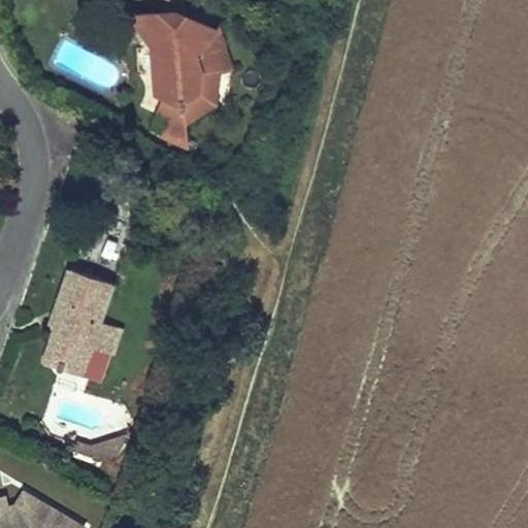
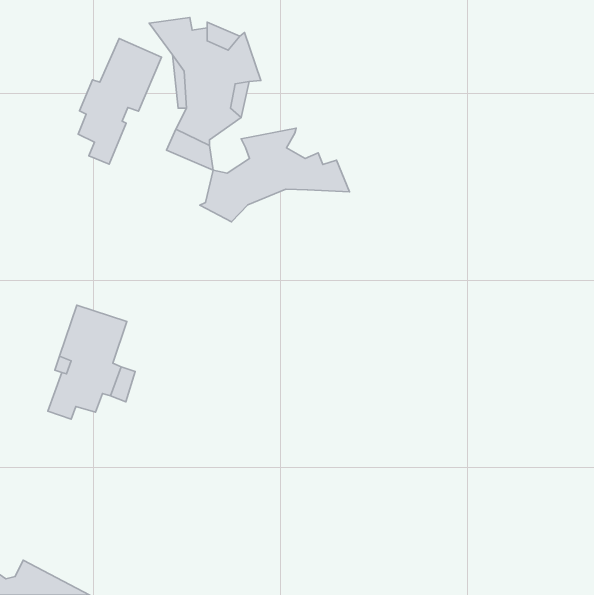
building: none -> [78,38,162,164]
building: none -> [200,128,350,222]

